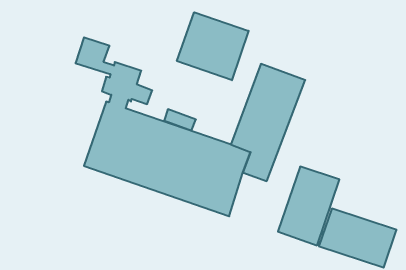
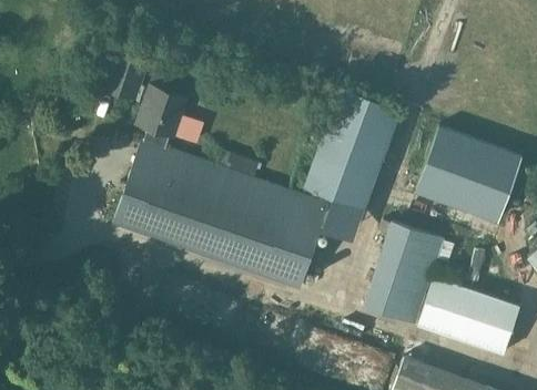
building: [177,12,249,80] -> none
building: none -> [415,127,521,220]

